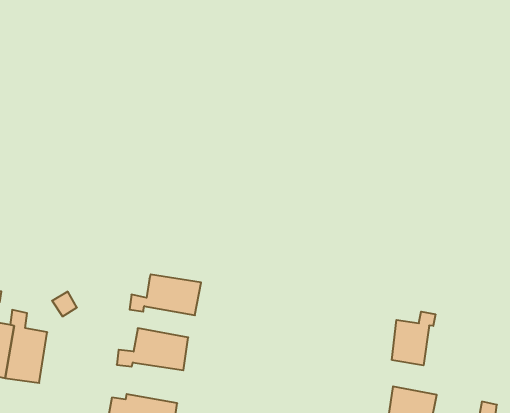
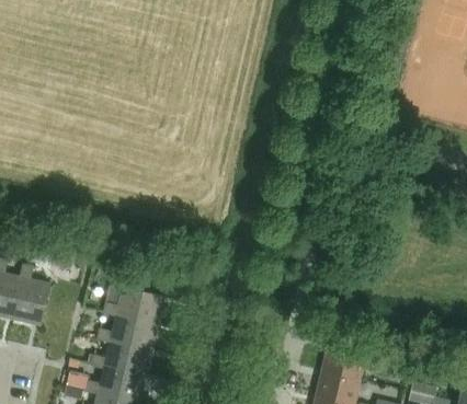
building: [130,274,201,315] -> [99,313,158,348]
building: [392,312,435,365] -> none

